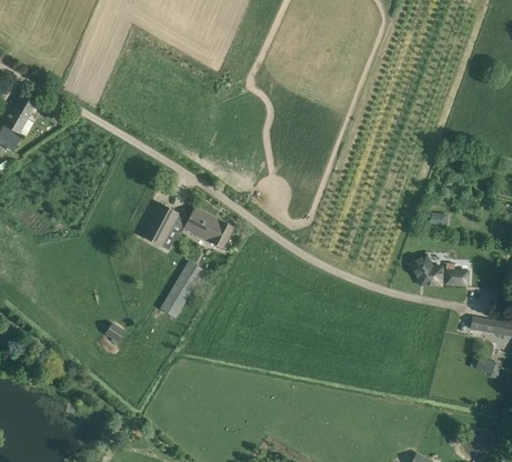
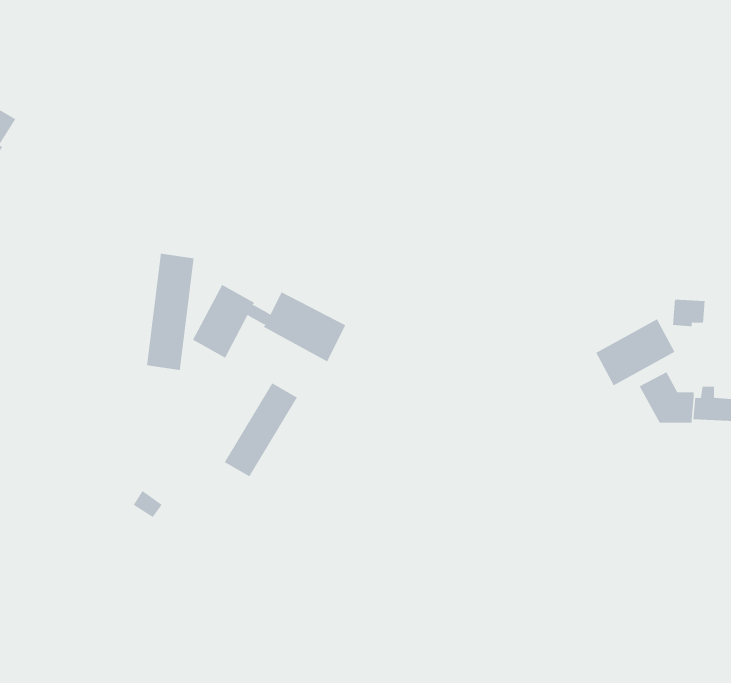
building: none -> [147,253,194,371]
building: none -> [596,319,675,386]

